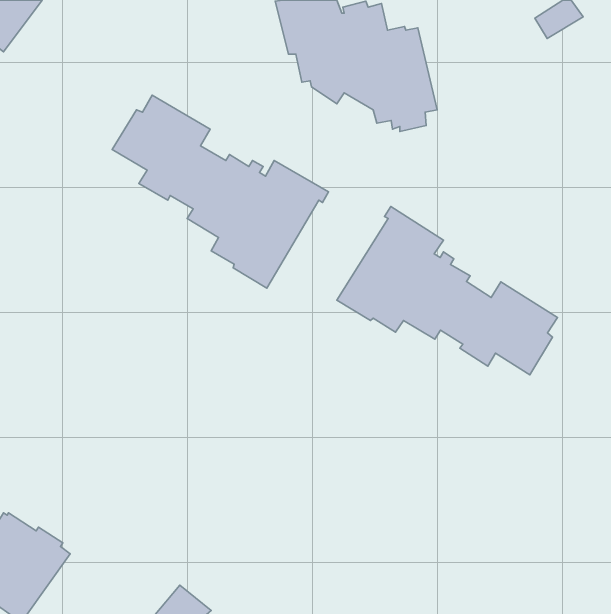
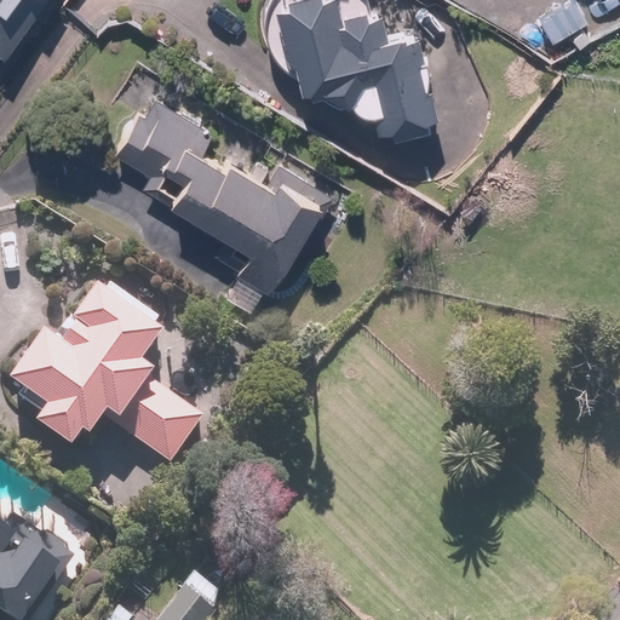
building: [337,207,558,375] -> none
building: none -> [10,292,199,466]

